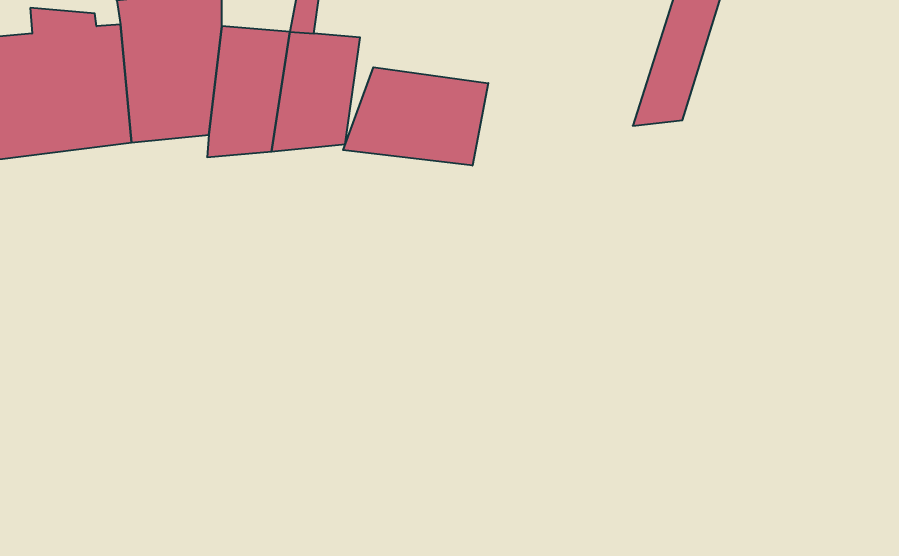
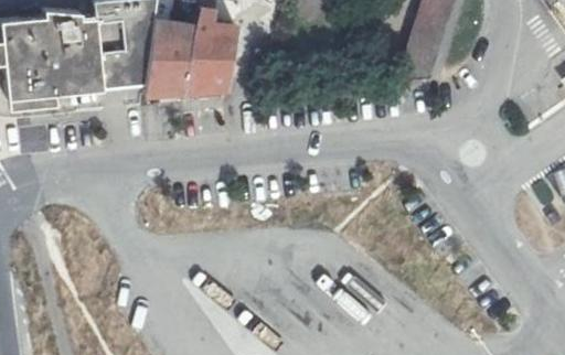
building: [343,67,488,166] -> none

